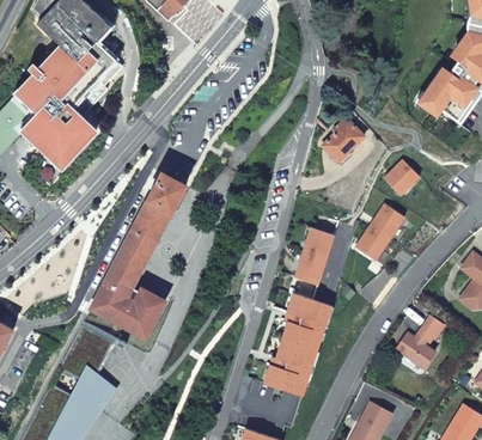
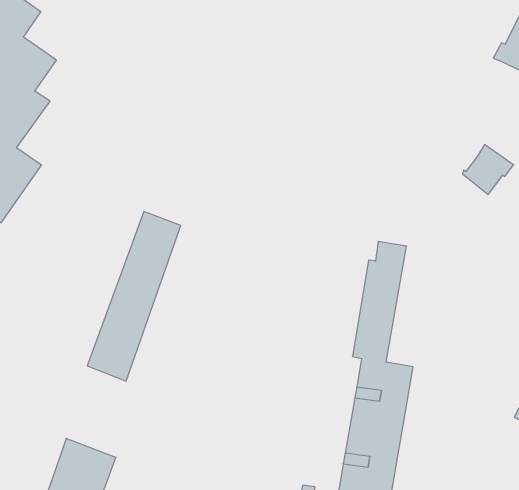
building: [322,117,364,158] -> none
building: [355,203,404,259] -> none
building: [91,273,164,336] -> none

